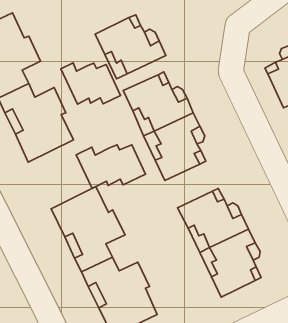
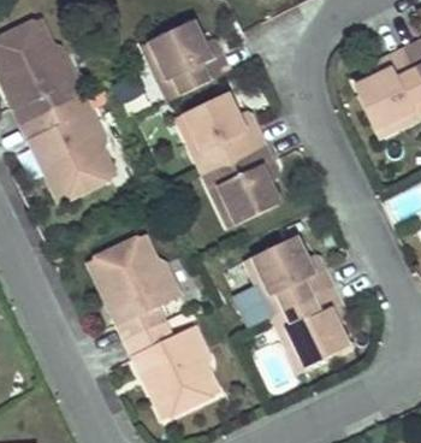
building: [61,63,121,104] -> none
building: [76,145,146,188] -> none

